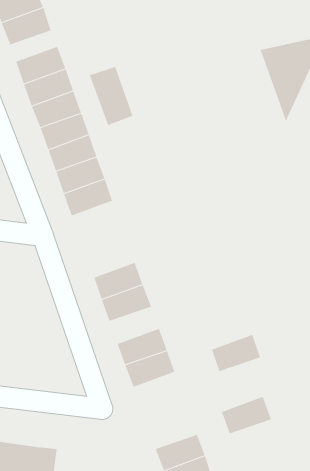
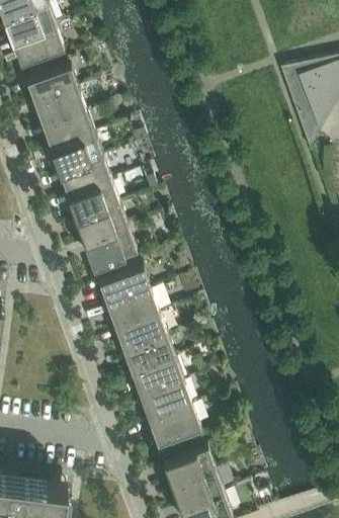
building: [89,66,133,126] -> none
building: none -> [85,231,138,270]
building: none -> [99,271,152,311]
building: none -> [124,341,177,379]
building: [211,334,261,372] -> [150,409,201,448]
building: [221,396,272,434] -> [164,449,217,489]

